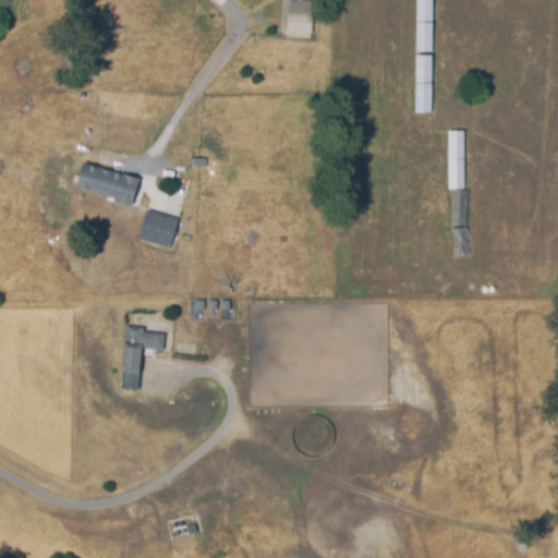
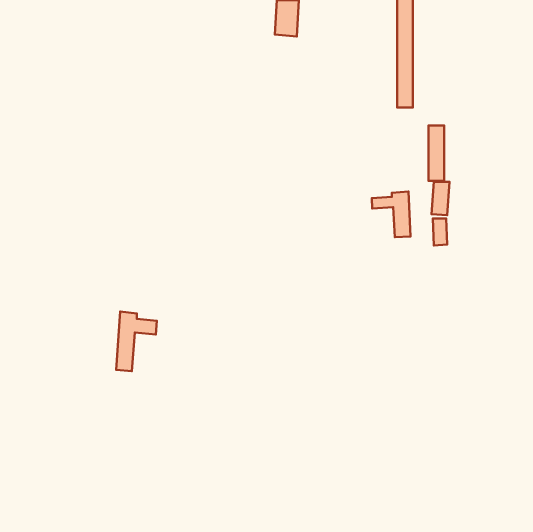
building: [76,165,141,206] -> none
building: none -> [372,191,410,237]
building: [141,210,179,247] -> none

